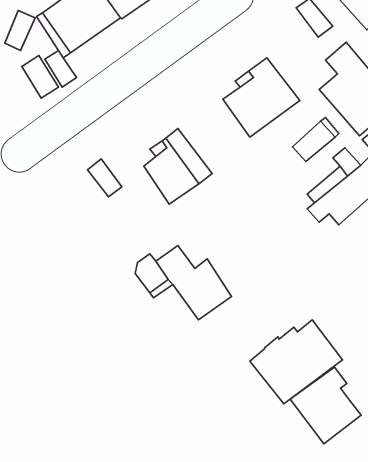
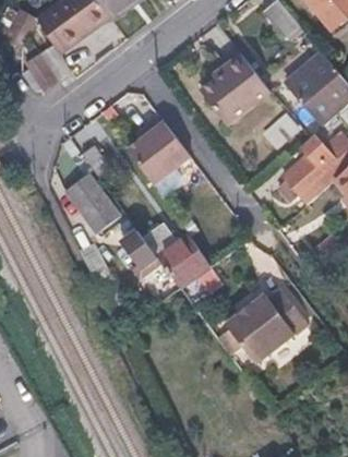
building: none -> [62,172,119,232]
building: [290,367,361,444] -> none

